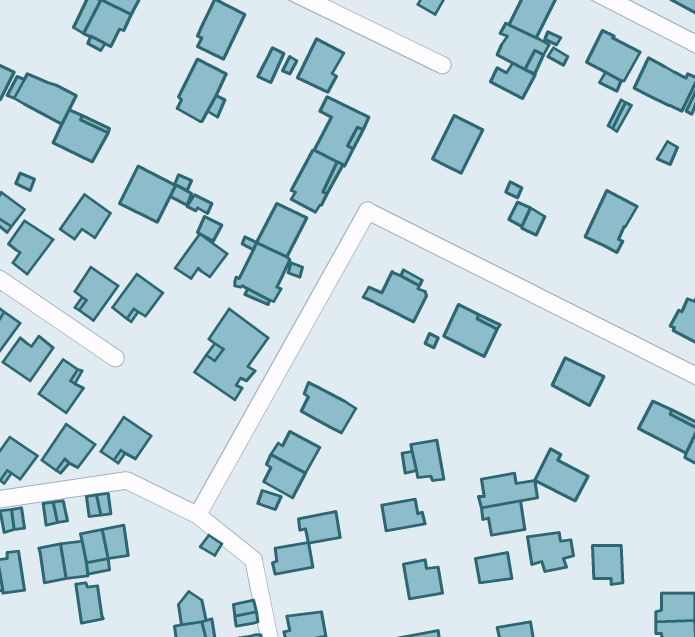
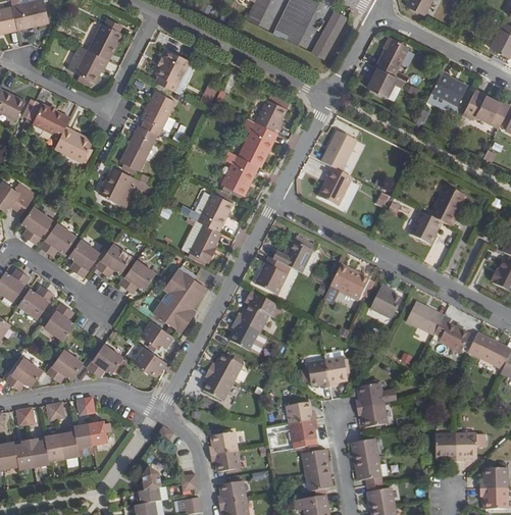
building: [298,39,344,92] -> [255,94,288,132]
building: [490,63,535,98] -> none
building: none -> [120,124,157,170]
building: none -> [318,166,353,206]
building: [60,194,111,239] -> [40,221,75,253]
building: none -> [409,211,443,245]
building: [175,234,227,278] -> [118,259,155,291]
building: none -> [254,256,290,295]
building: none -> [369,285,401,318]
building: none -> [240,290,284,332]
building: none -> [140,320,173,349]
building: none -> [132,346,166,375]
building: none -> [323,350,347,388]
building: [535,449,588,501] -> [431,315,469,352]
building: [298,511,340,543] -> [210,450,240,472]
building: none -> [289,419,317,443]
building: [527,533,574,572] -> [355,458,388,485]
building: none -> [455,433,483,461]
building: [76,583,103,623] -> [29,437,48,466]
building: none -> [305,468,331,491]

